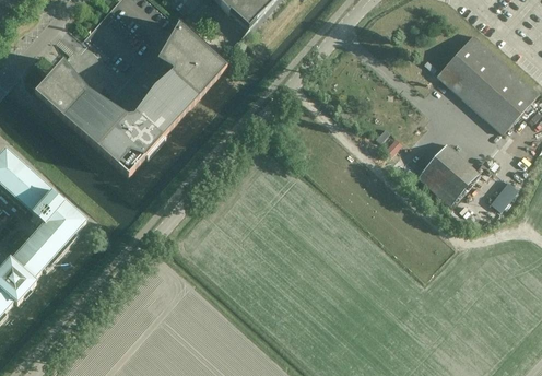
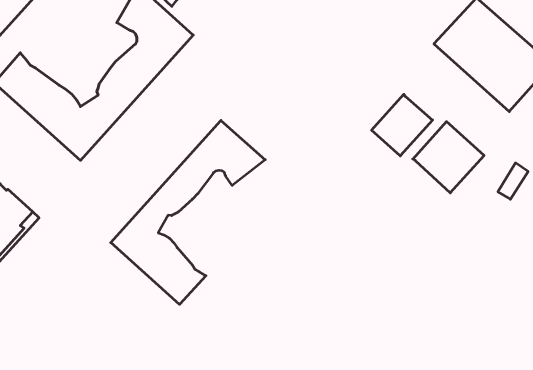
building: none -> [372,94,433,156]
building: none -> [111,120,265,304]

